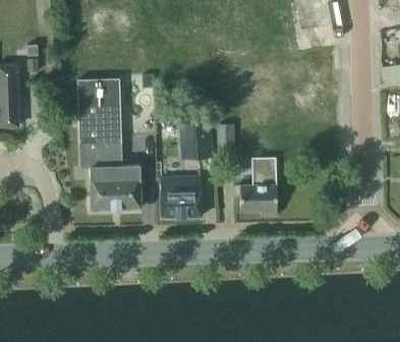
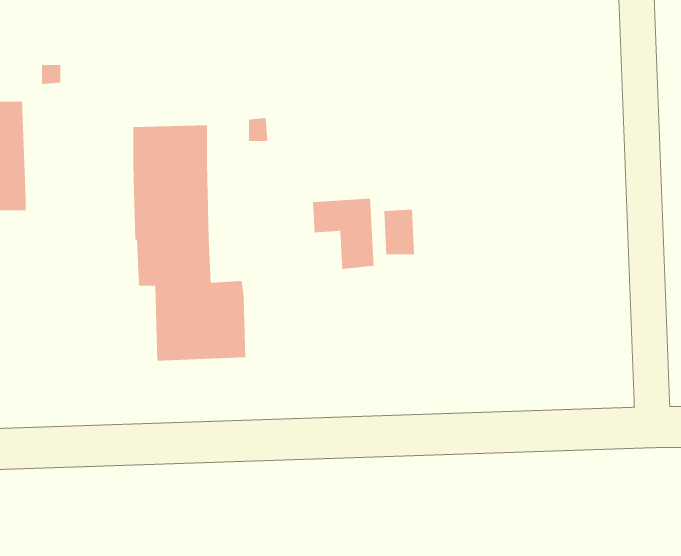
building: [240,160,278,216] -> none
building: [161,178,203,218] -> none

